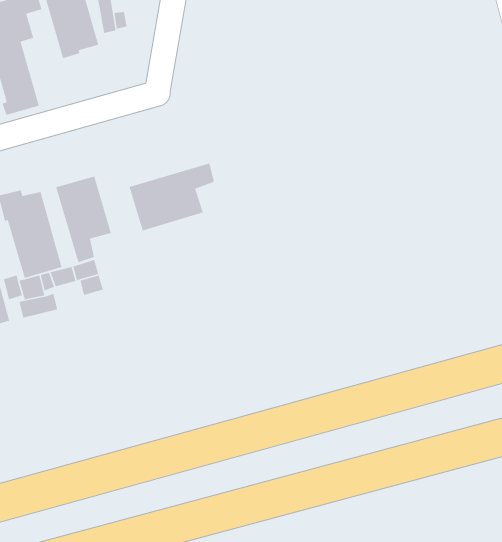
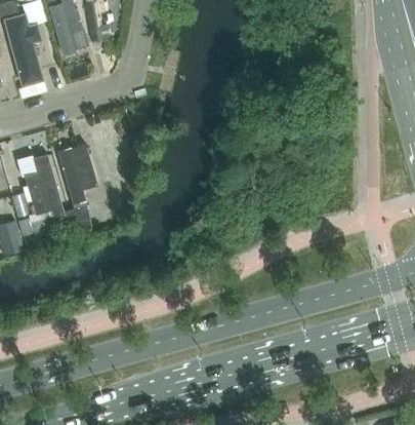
building: [128,162,215,231] -> none

